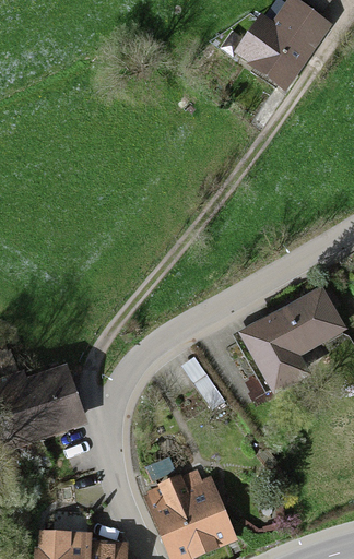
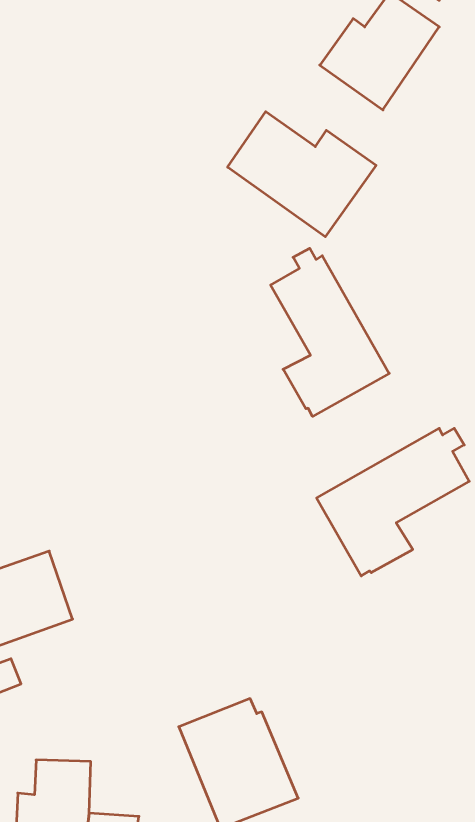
building: none -> [228,112,376,237]
building: none -> [271,248,389,416]

